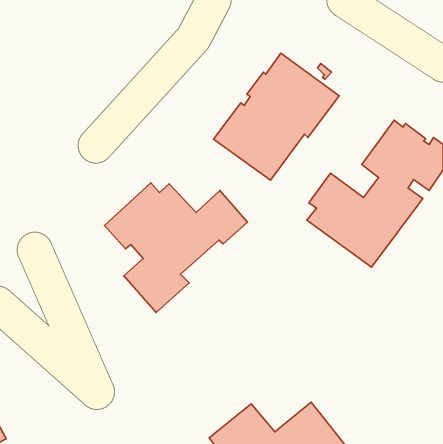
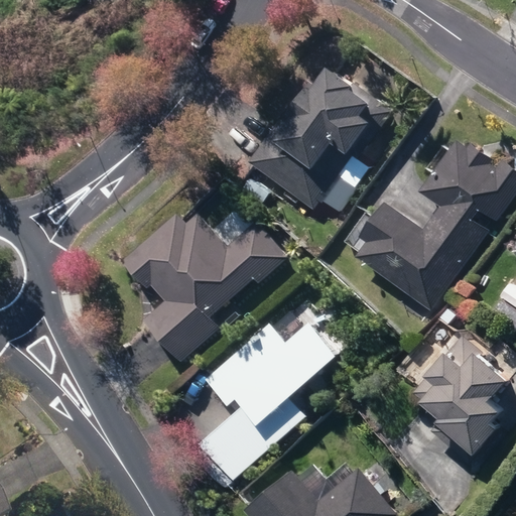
building: none -> [200,321,337,481]
building: none -> [411,335,505,464]

